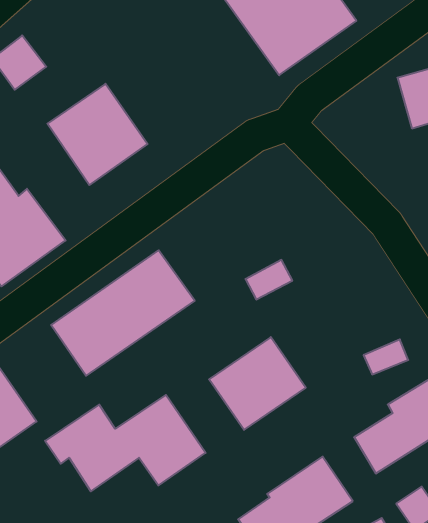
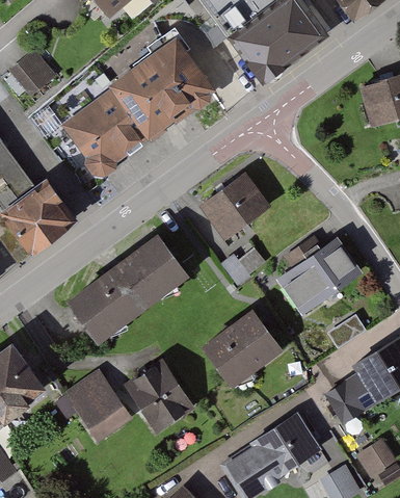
building: none -> [105,37,218,149]
building: none -> [203,169,273,237]
building: none -> [279,231,366,310]

